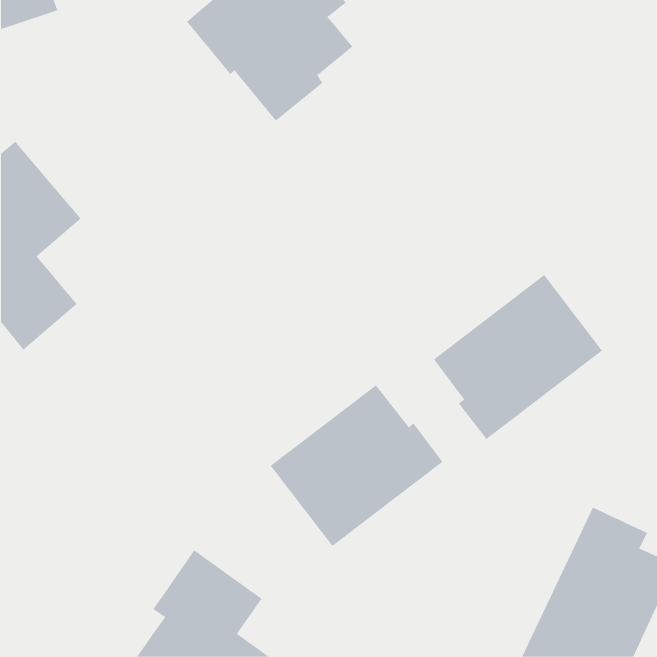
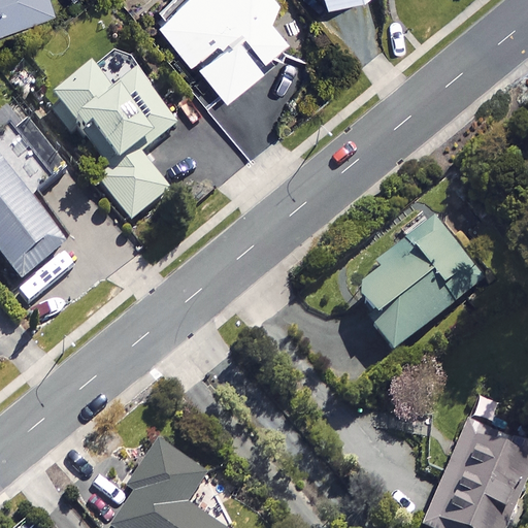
building: none -> [52,64,176,220]
building: [270,384,443,547] -> none

